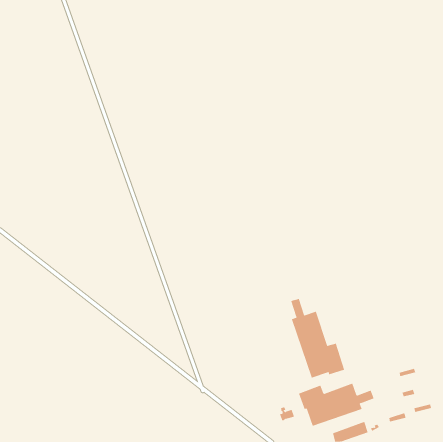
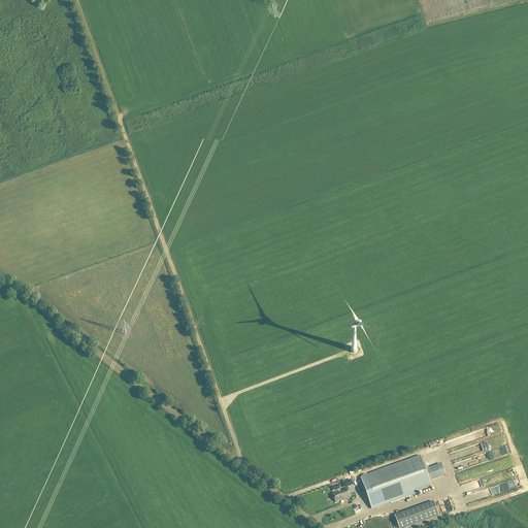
building: [291,298,345,379] -> none

